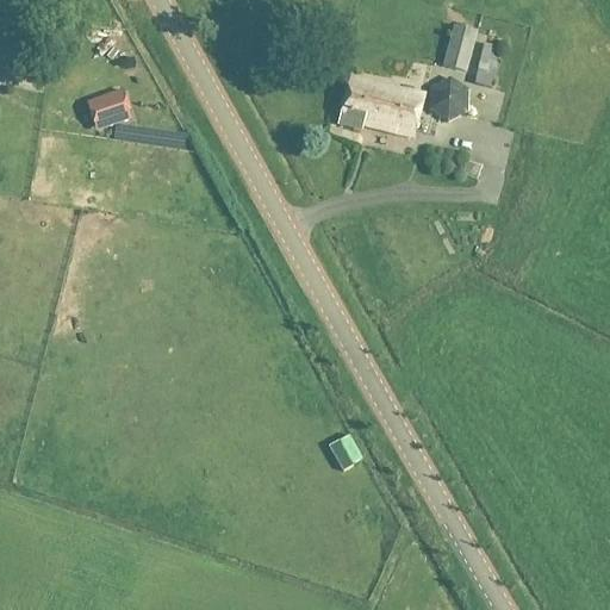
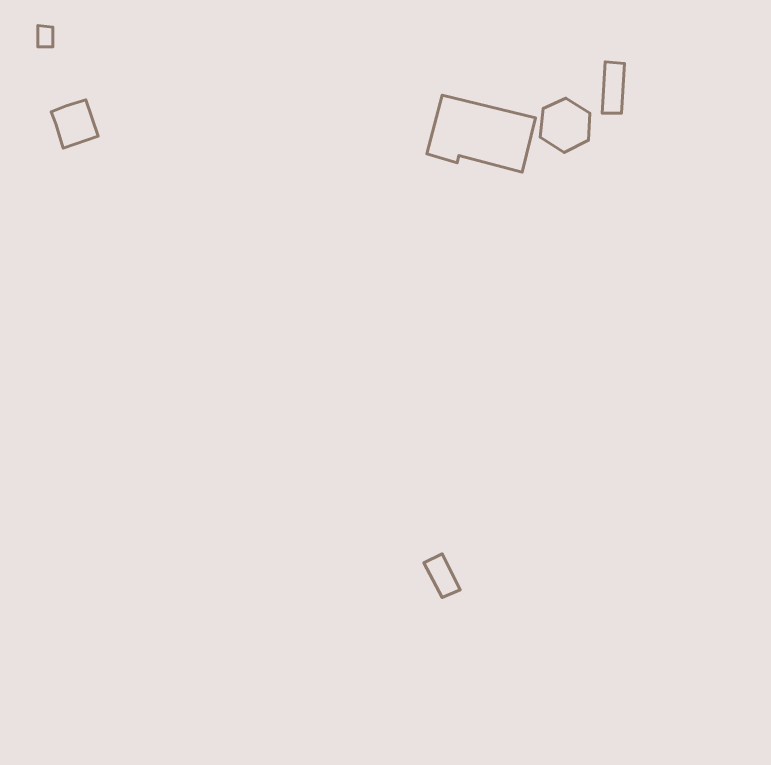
building: [441,24,477,70] -> none
building: [94,88,131,126] -> [51,100,98,148]

